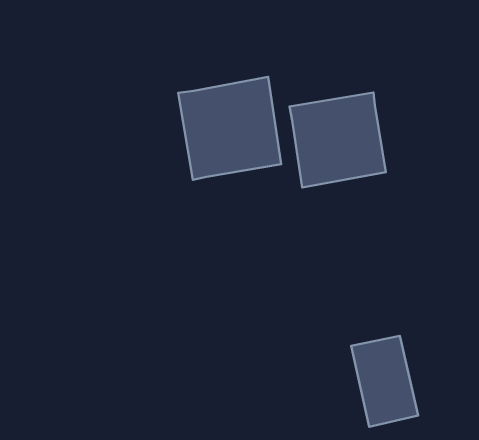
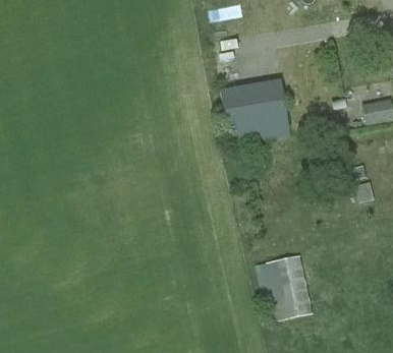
building: [178,77,281,180] -> none

